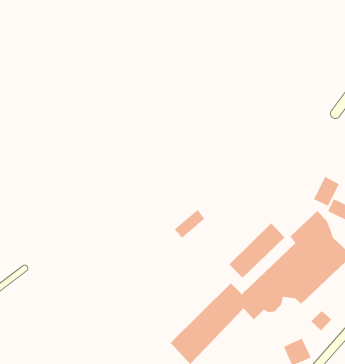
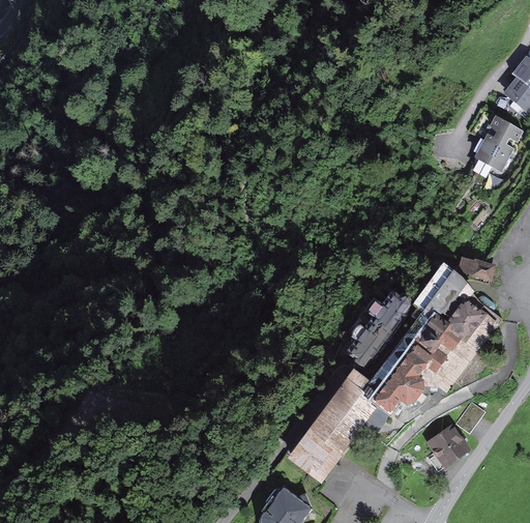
building: [313,176,340,207] -> none
building: [174,209,205,239] -> none

